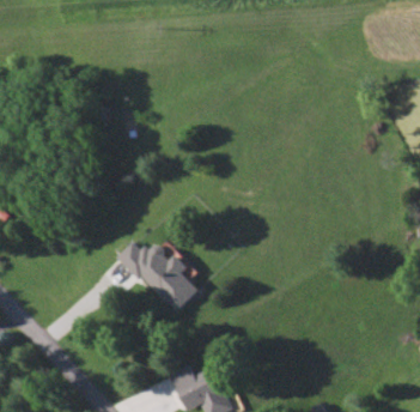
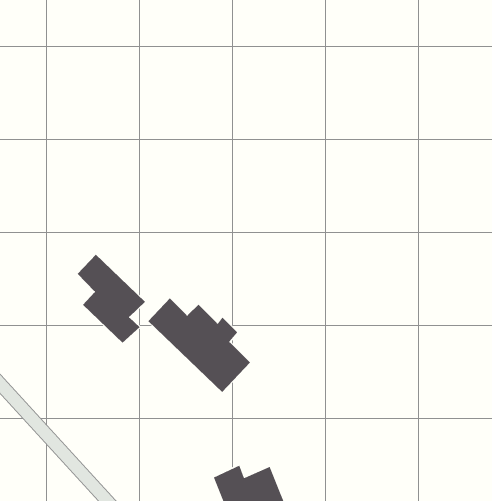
building: none -> [77,254,146,343]

